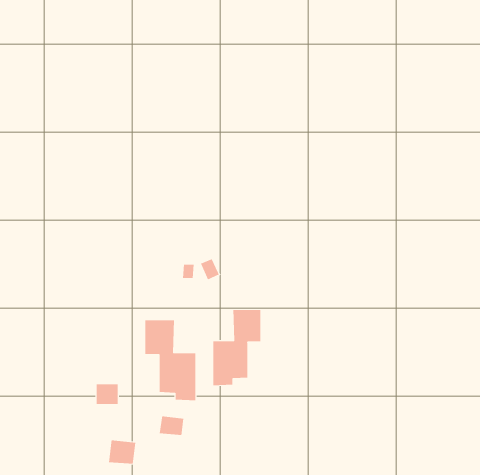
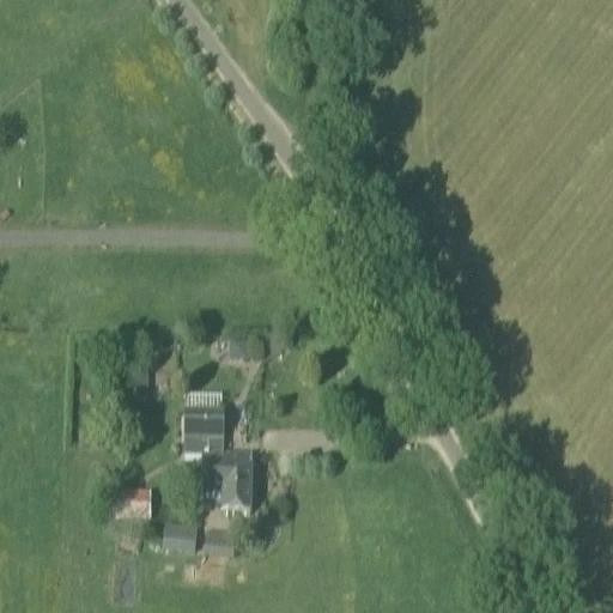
building: [213,309,261,386] -> none
building: [108,440,136,464] -> [162,518,198,550]

